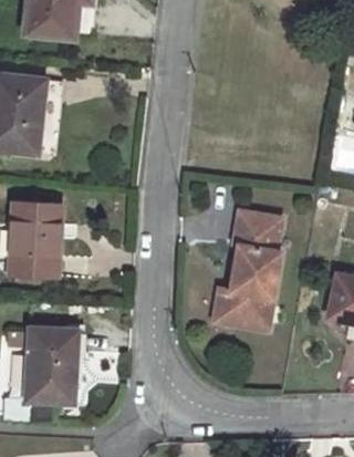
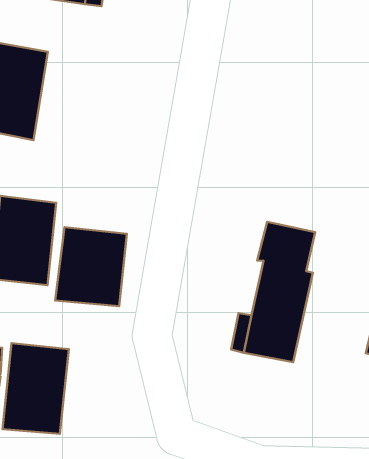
building: none -> [55,227,127,306]

